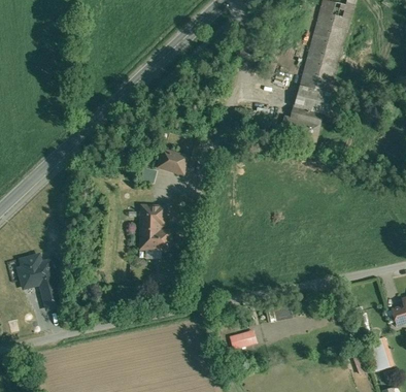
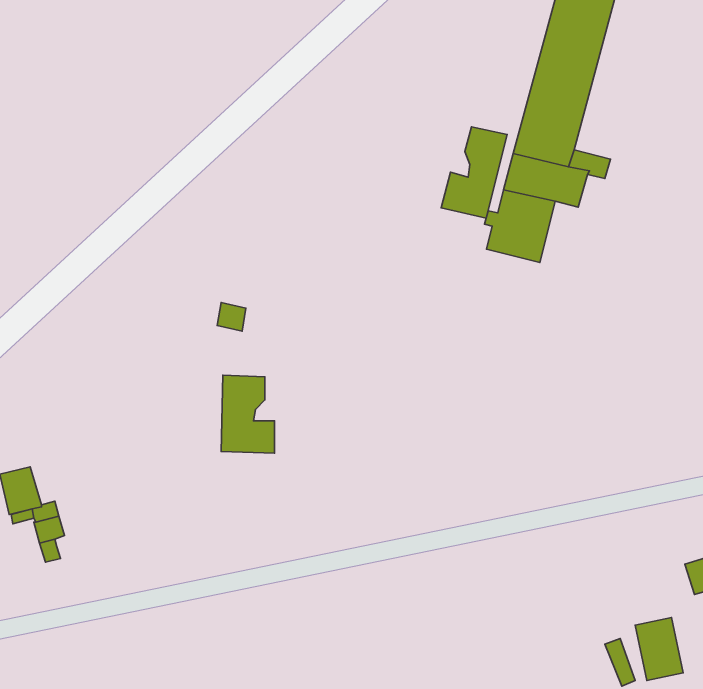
building: none -> [441,127,507,218]
building: [159,150,187,172] -> none
building: [227,329,256,350] -> none

